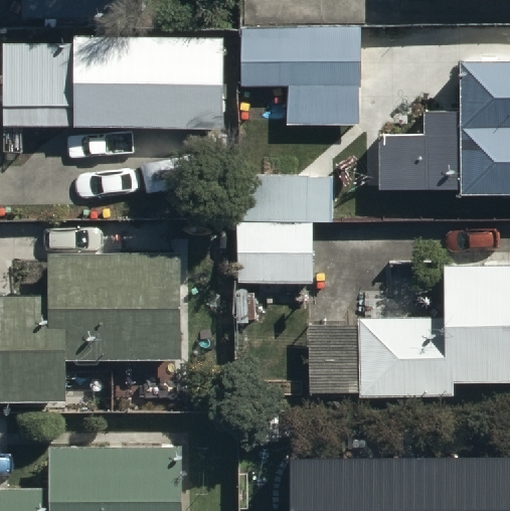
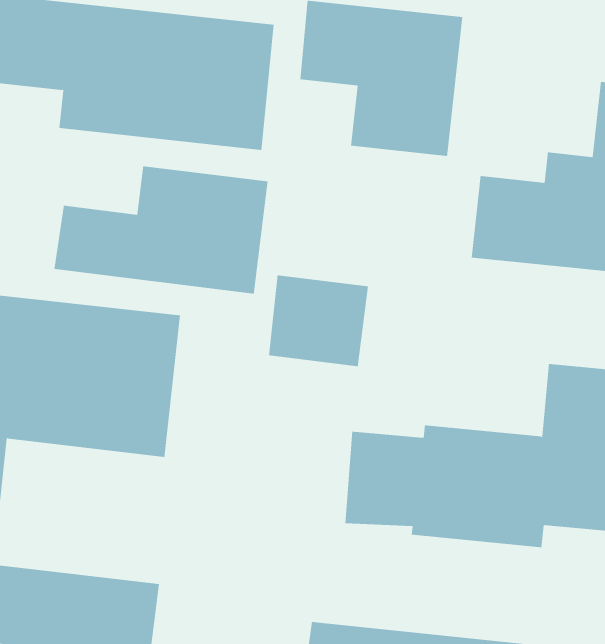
building: none -> [54,165,268,294]

